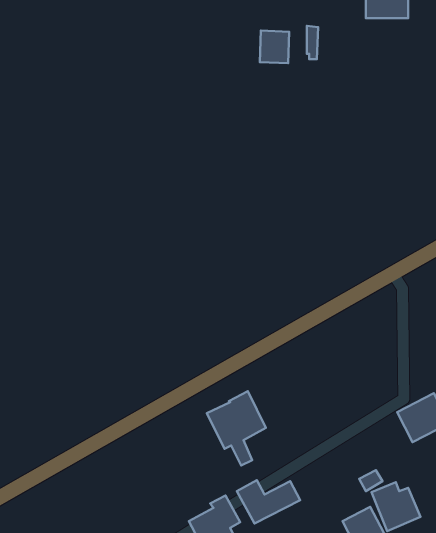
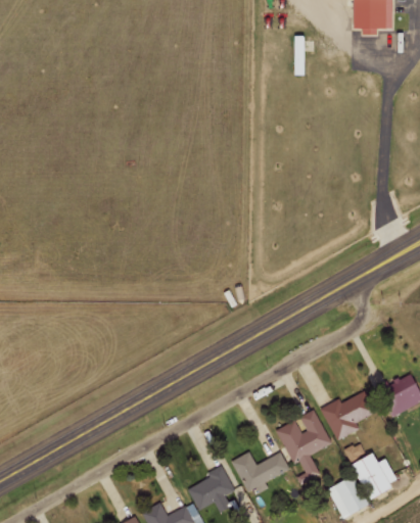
building: [260,31,289,63] -> none
building: [207,391,266,466] -> [276,410,330,478]
building: none -> [320,390,377,440]

